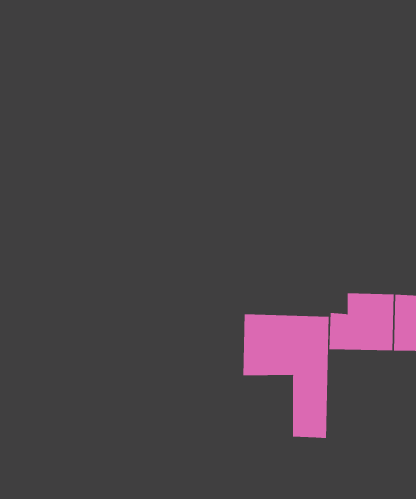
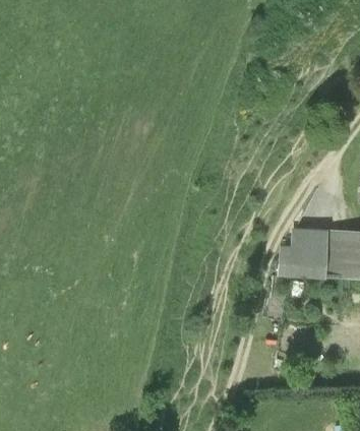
building: [243,313,329,439] -> none

